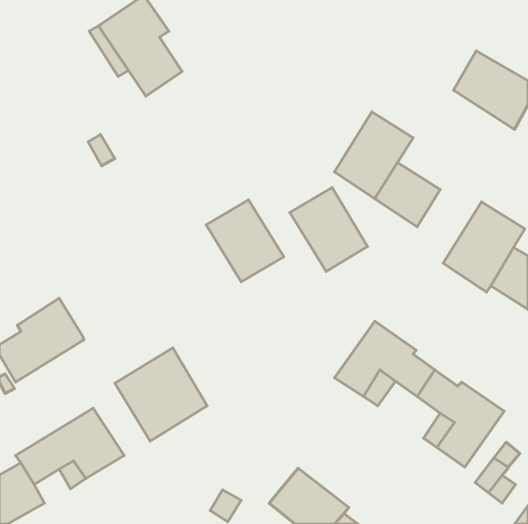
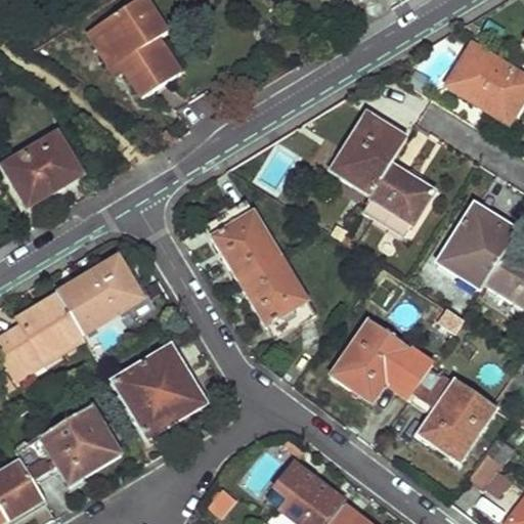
building: none -> [4,134,80,205]
building: [290,188,367,272] -> [238,254,315,337]
building: none -> [57,257,141,333]

